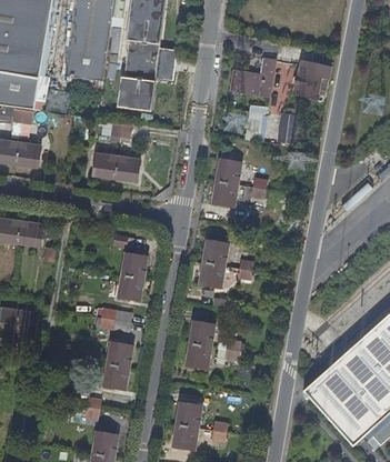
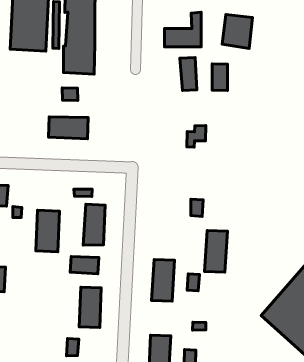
building: [154,48,177,80] -> none
building: [212,159,241,208] -> none
building: [198,241,228,289] -> [205,231,227,272]
building: none -> [36,210,59,252]

